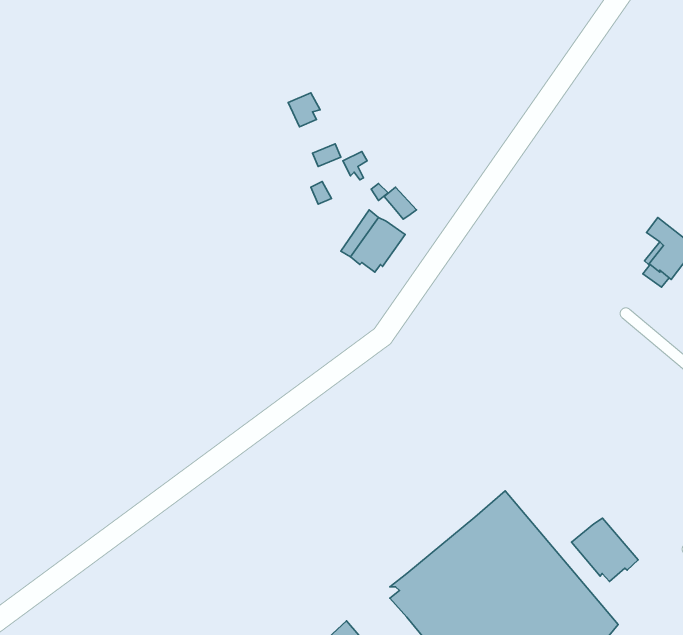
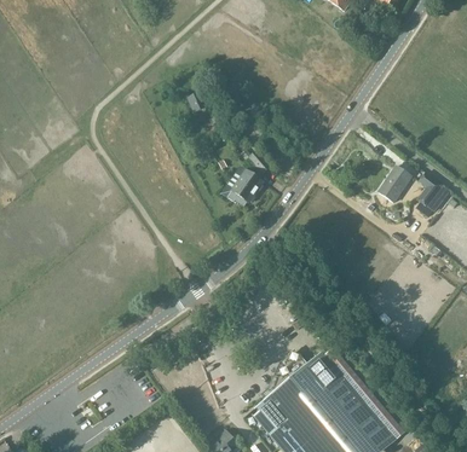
building: none -> [377,168,411,204]
building: [572,518,638,581] -> none

